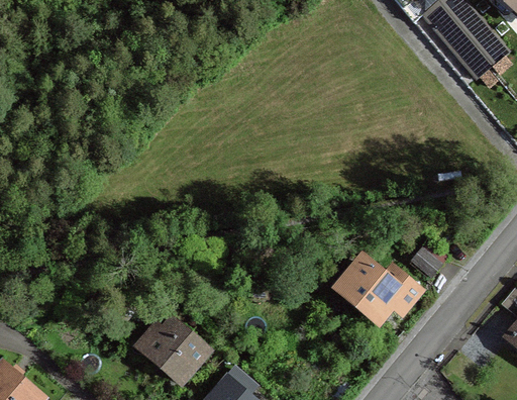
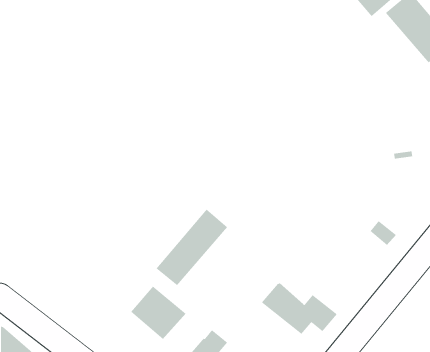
building: none -> [155,208,228,286]
building: [333,258,419,316] -> [261,282,338,335]

